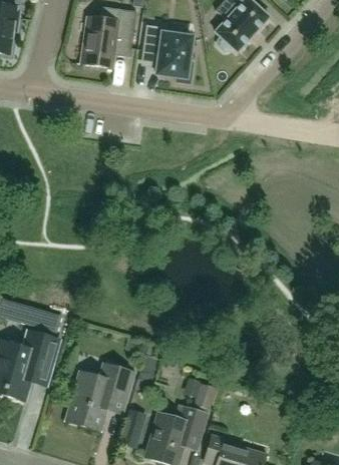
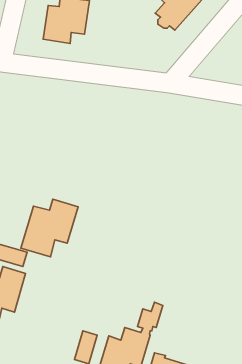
building: [141,30,193,83] -> none
building: [66,362,134,430] -> [21,199,78,257]

